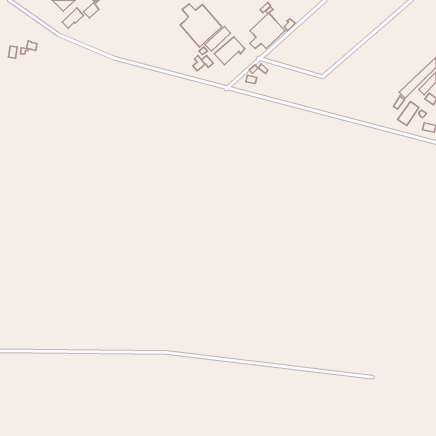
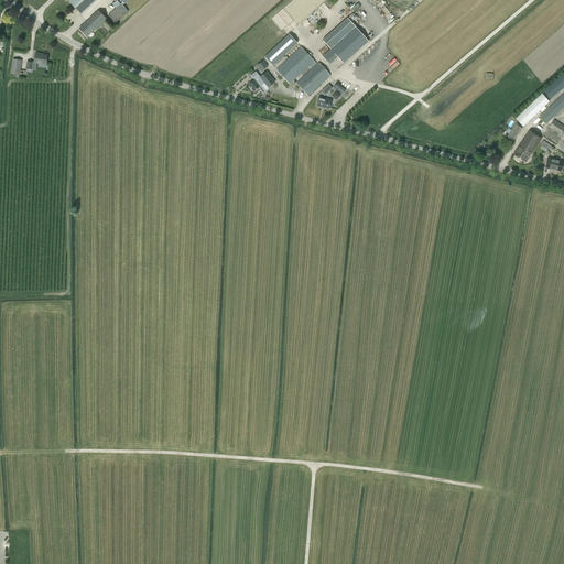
building: [180,4,222,47] -> none
building: none -> [297,63,330,96]

